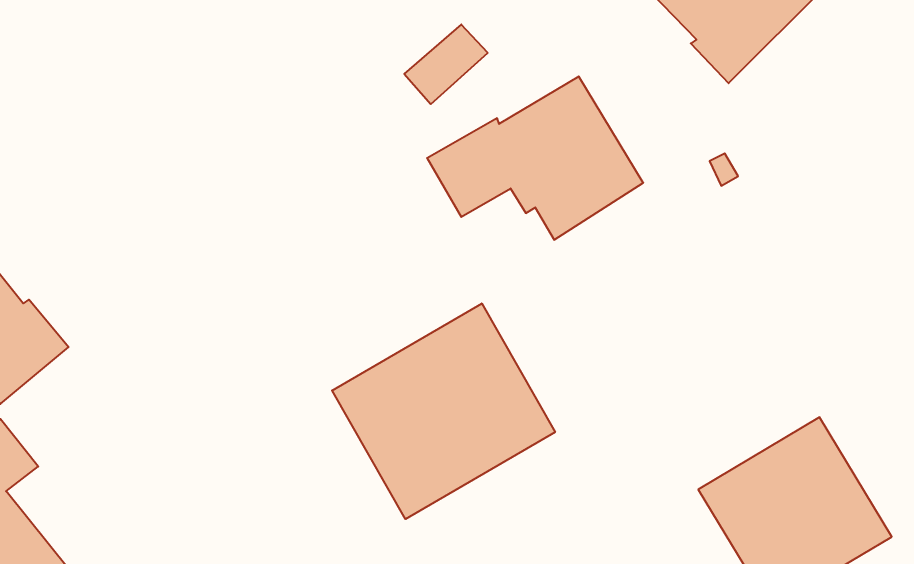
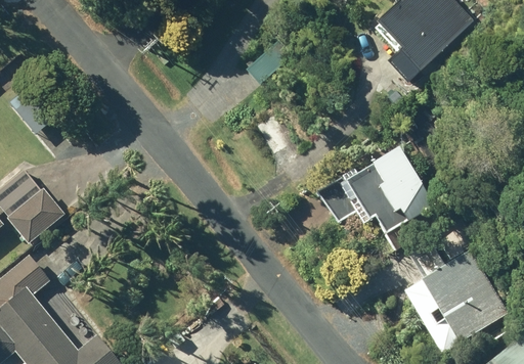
building: [427,76,643,240] -> [317,146,434,234]
building: [332,303,555,519] -> none

